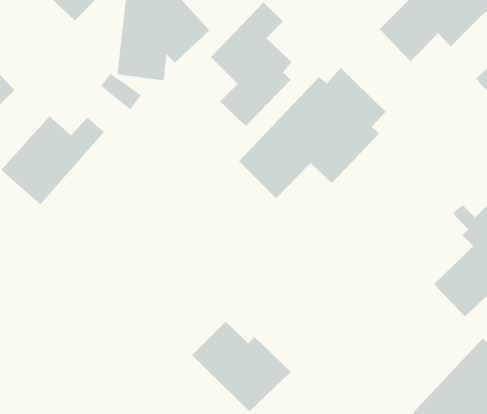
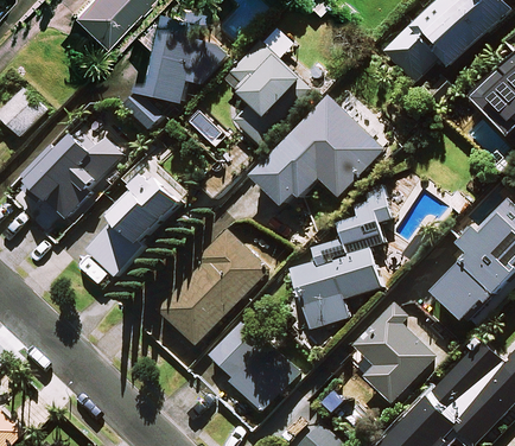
building: none -> [84,163,180,276]
building: none -> [291,193,389,329]
building: none -> [159,230,267,344]
building: none -> [352,301,435,403]

